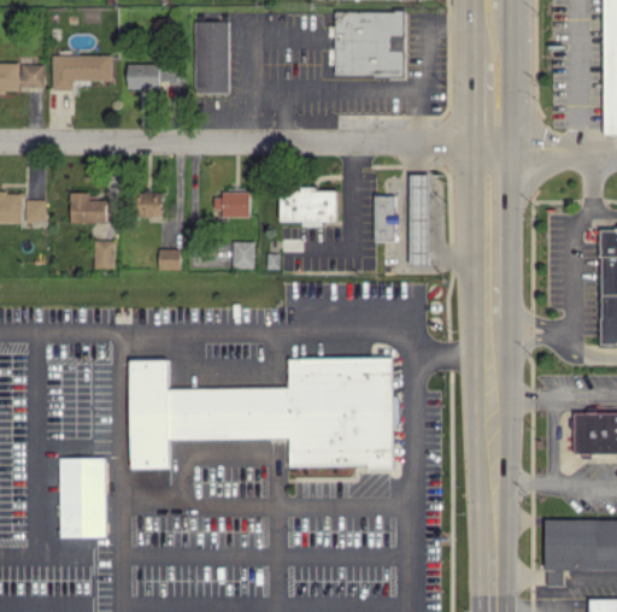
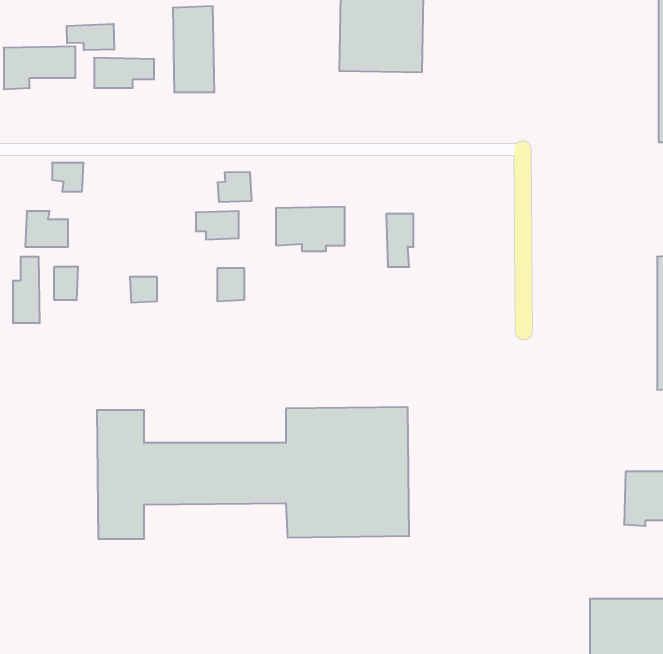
building: none -> [67,24,114,50]
building: none -> [218,172,251,202]
building: [410,173,429,266] -> none
building: [136,193,163,217] -> [52,163,84,191]
building: none -> [13,257,40,323]
building: [59,458,106,537] -> none

